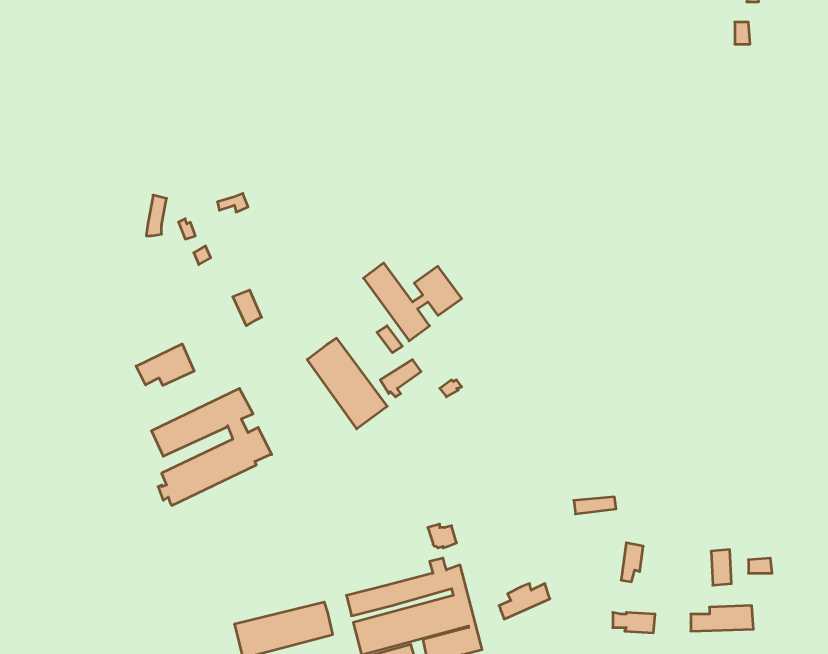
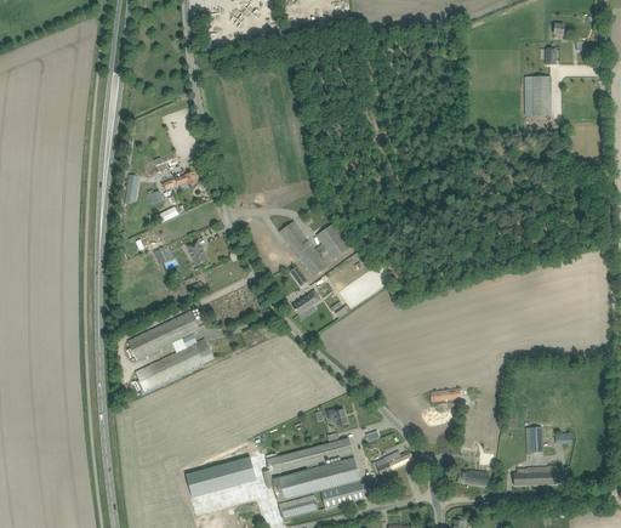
building: none -> [530,74,549,114]
building: [307,338,387,429] -> none
building: [136,344,194,385] -> none

